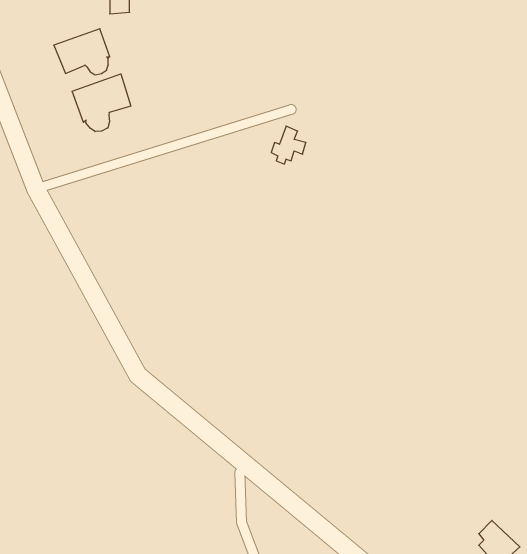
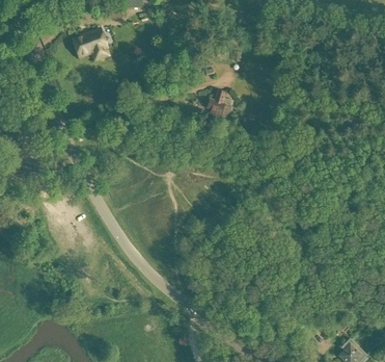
building: [72,74,131,132] -> none

